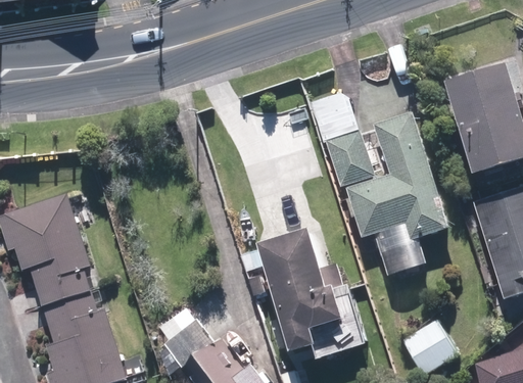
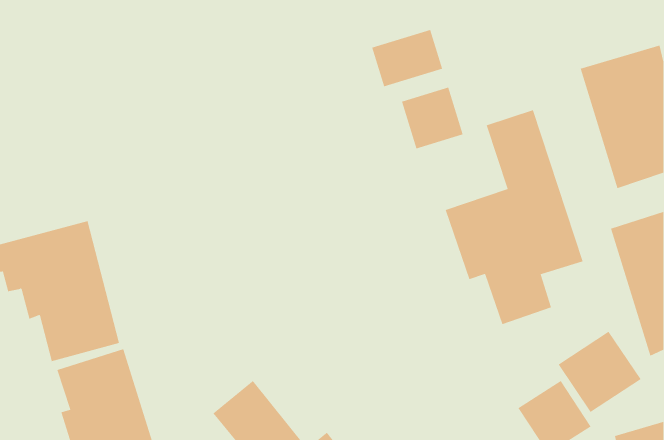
building: none -> [372,29,443,87]
building: [324,133,373,188] -> none
building: [263,226,370,358] -> none
building: none -> [558,331,642,413]

